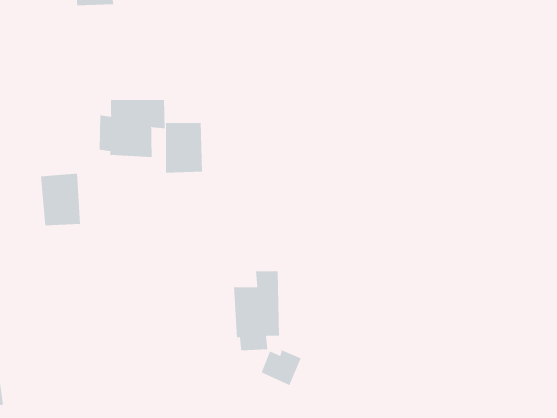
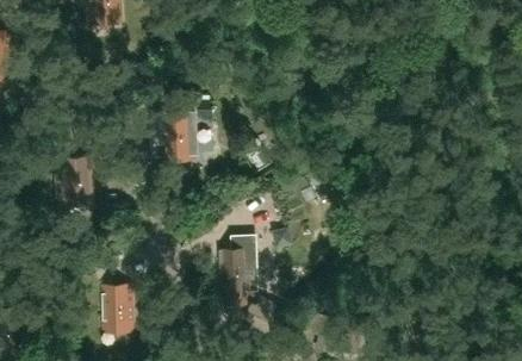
building: [99,99,165,158] -> none
building: none -> [100,287,131,329]

